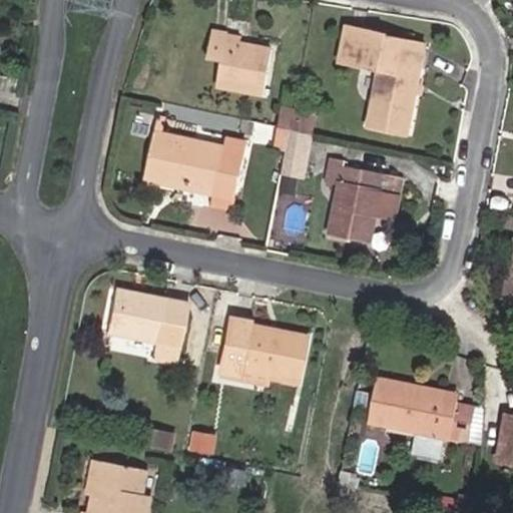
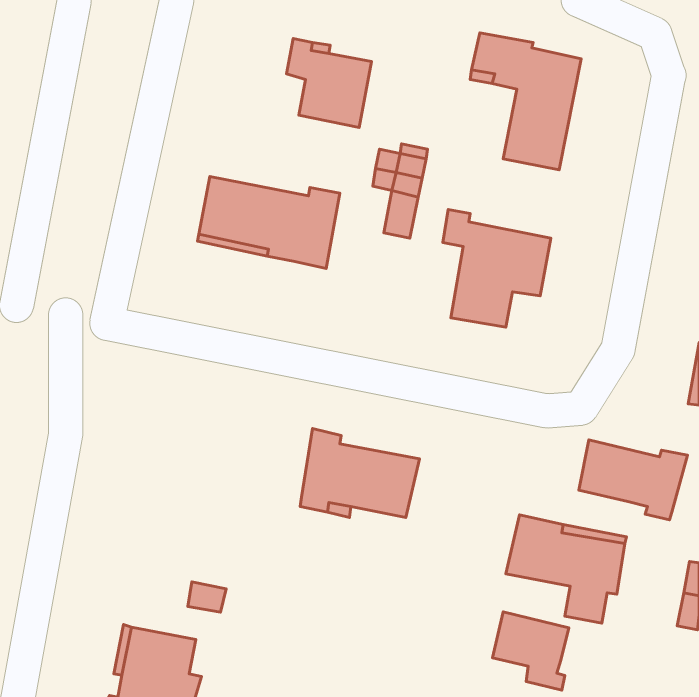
building: [104,290,189,363] -> none
building: none -> [579,440,688,520]
building: none -> [493,612,569,690]

